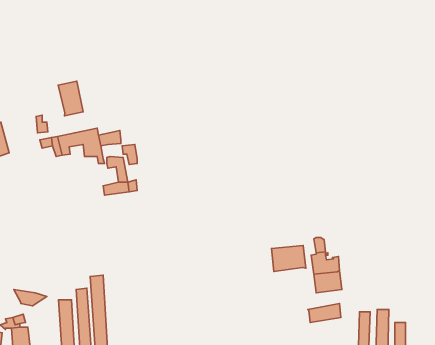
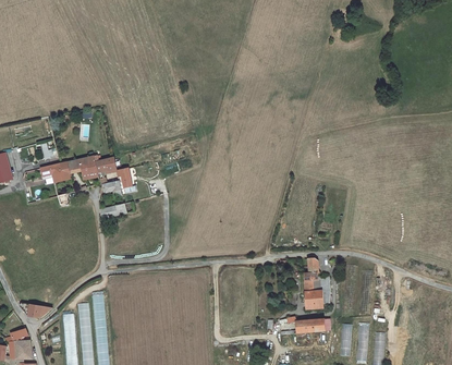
building: [58,81,83,116] -> none
building: [271,245,306,271] -> none

